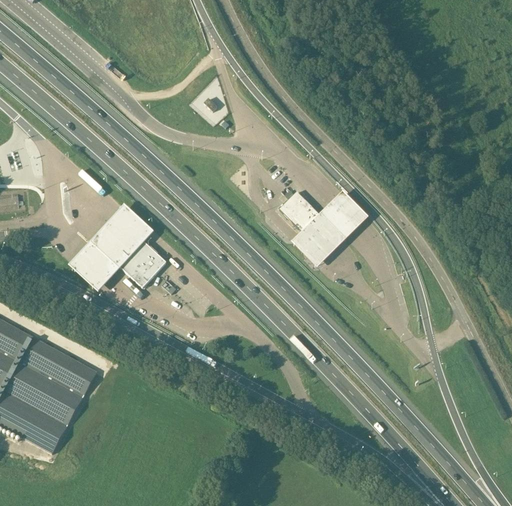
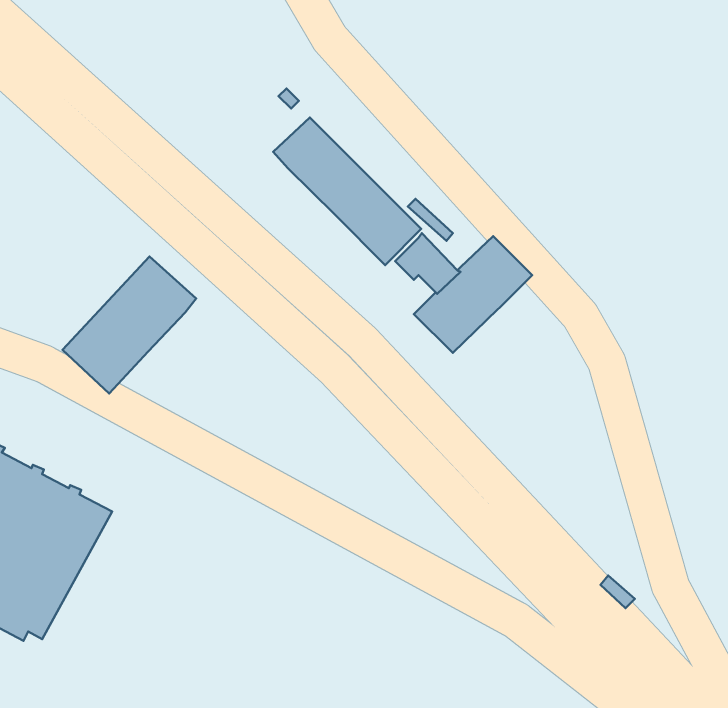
building: none -> [273,117,421,265]
building: [120,240,167,287] -> none

